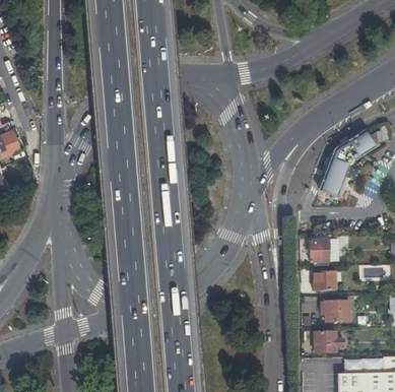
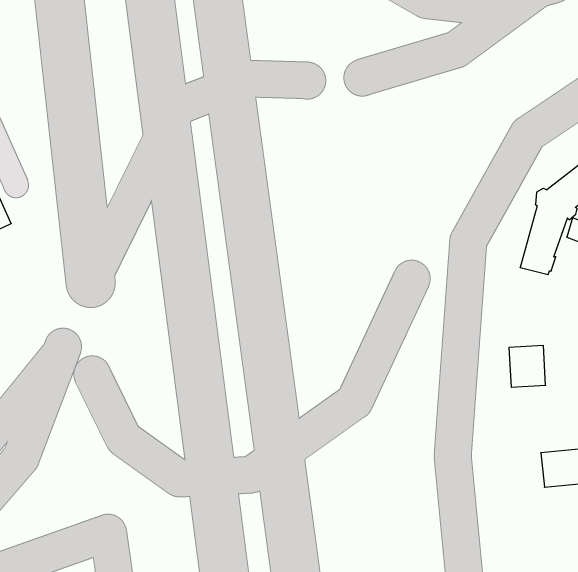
building: [313,271,334,290] -> none
building: [315,332,336,352] -> none

